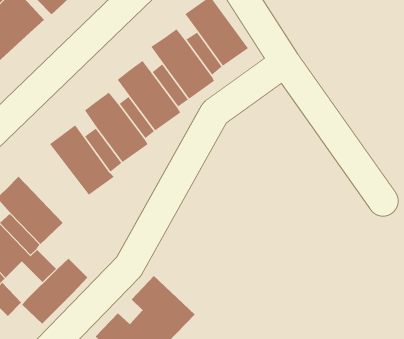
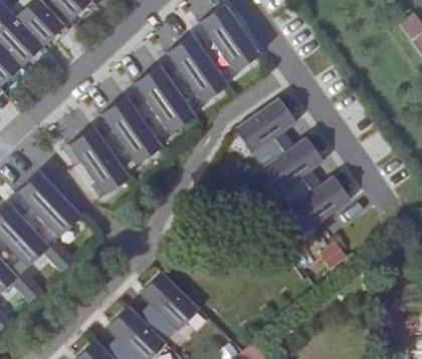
building: none -> [233,93,351,229]
building: [21,258,88,325] -> none

